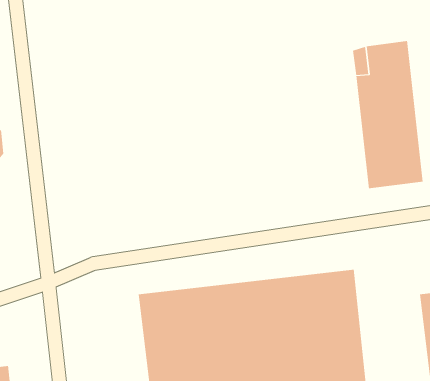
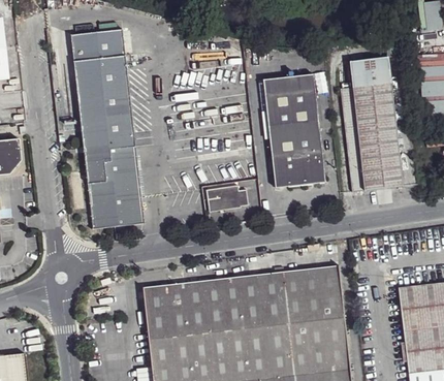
building: none -> [71,29,145,227]
building: none -> [263,73,325,187]
building: none -> [207,185,248,211]

